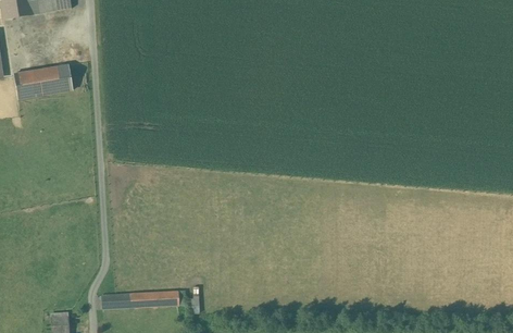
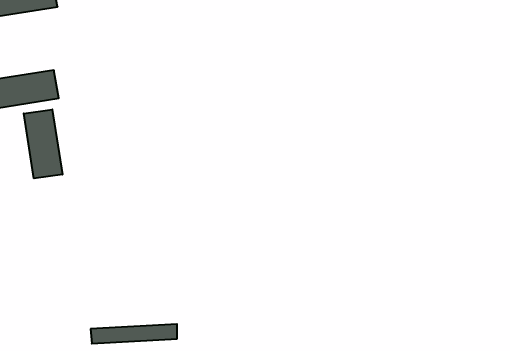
building: none -> [24,109,62,178]

